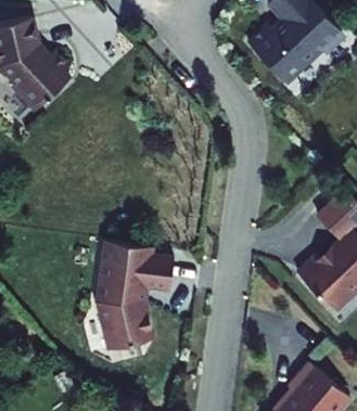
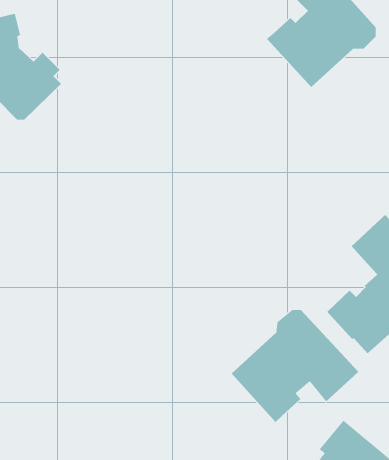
building: [102,240,177,349] -> none
building: none -> [231,309,359,423]

